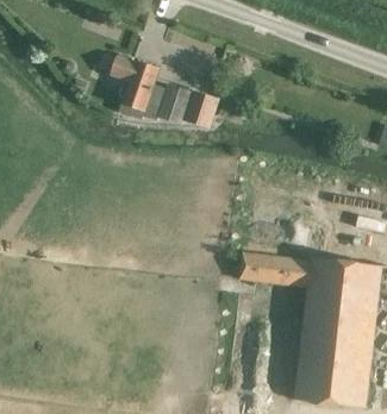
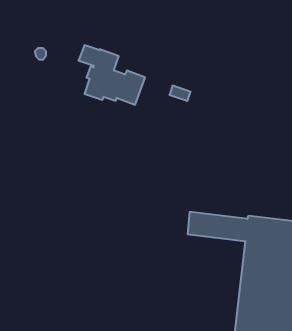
building: [185,90,218,127] -> none

